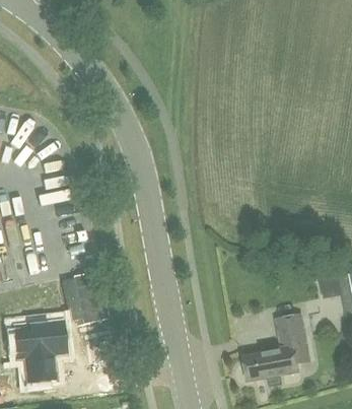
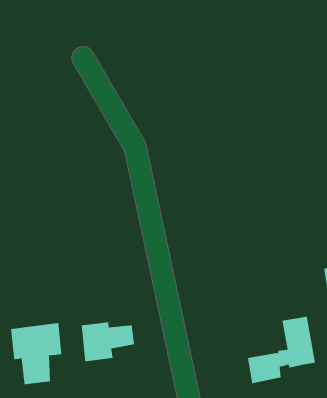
building: none -> [81,321,134,362]

